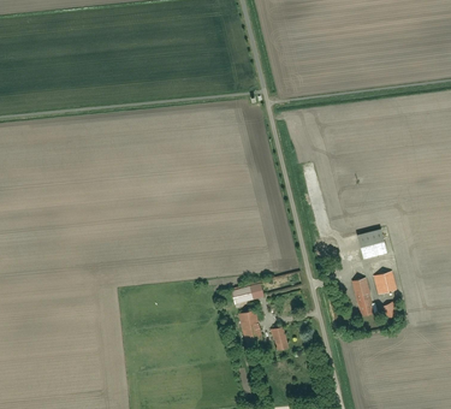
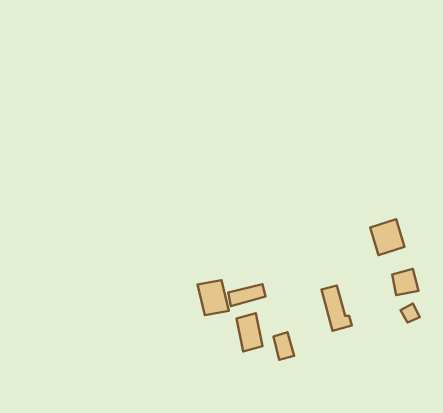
building: [351,277,378,316] -> [322,285,352,331]
building: none -> [197,280,229,315]

